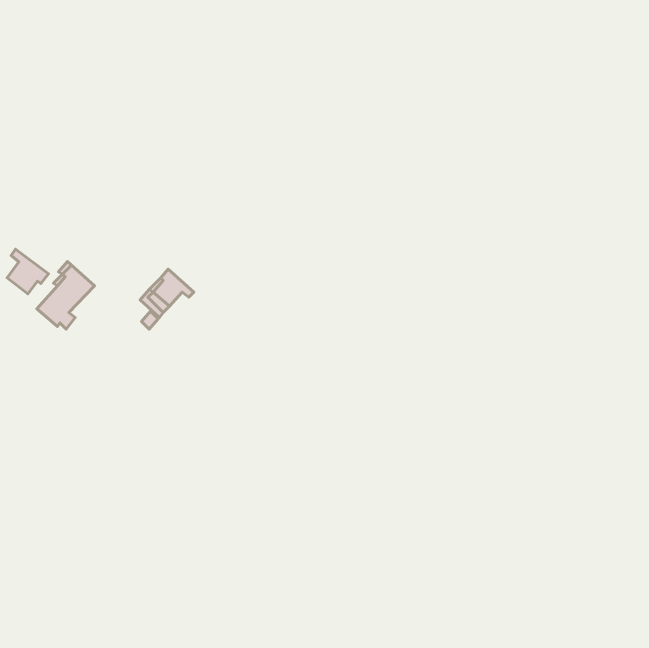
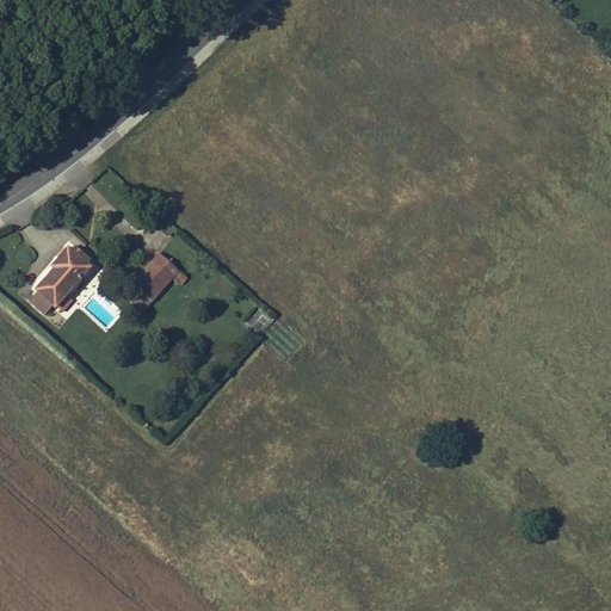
building: [7,249,49,294] -> none

